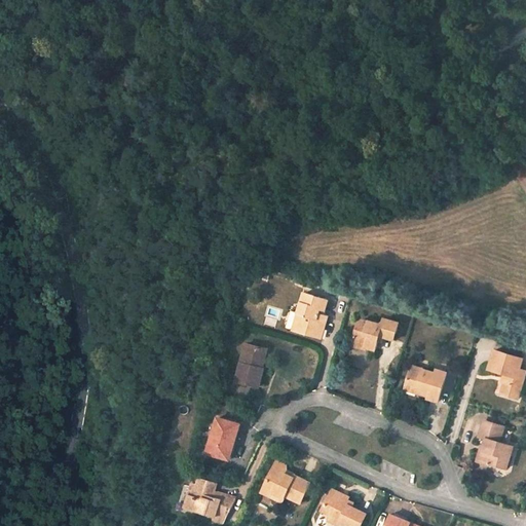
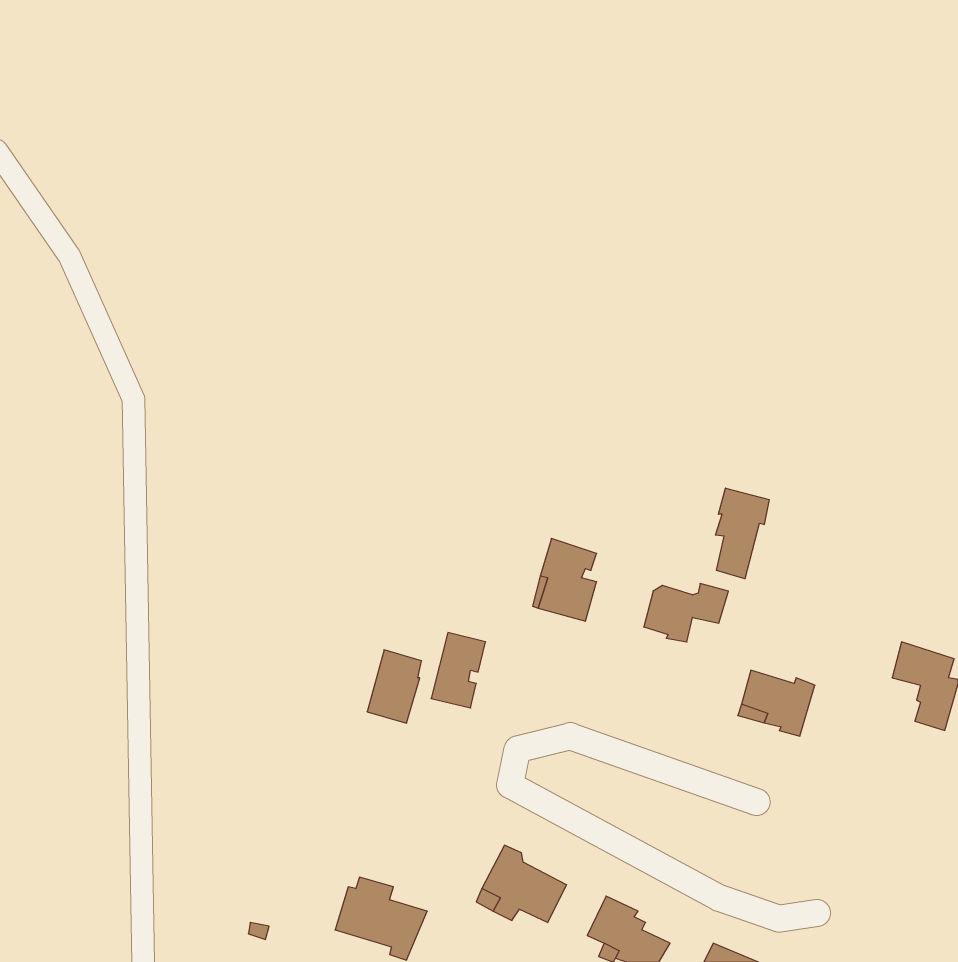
building: none -> [715,488,769,579]
building: [205,419,235,459] -> [367,650,422,723]
building: [475,421,511,468] -> none

